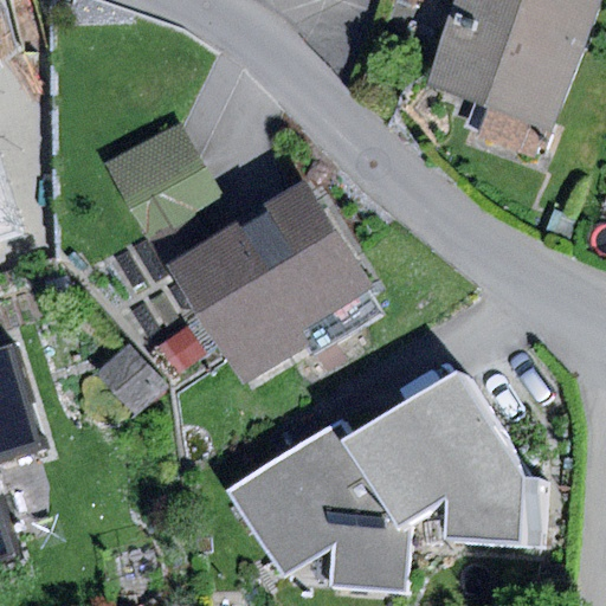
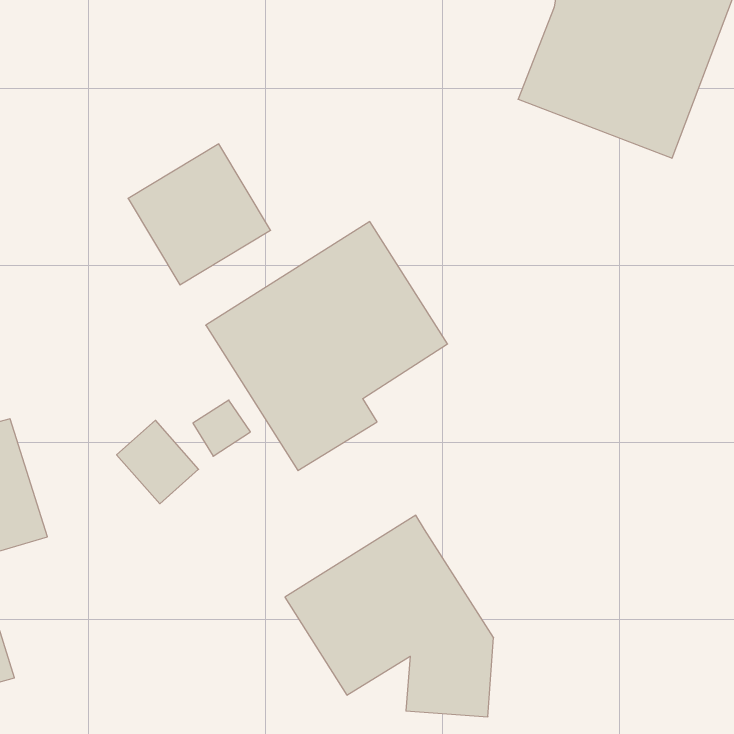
building: [349,367,537,548] -> none

